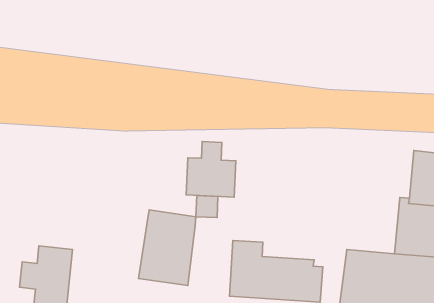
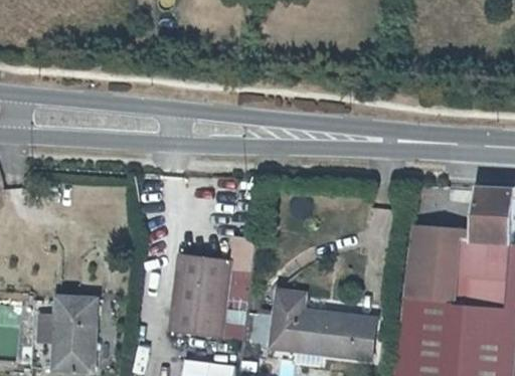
building: [186,142,236,197] -> none
building: none -> [406,224,468,304]

